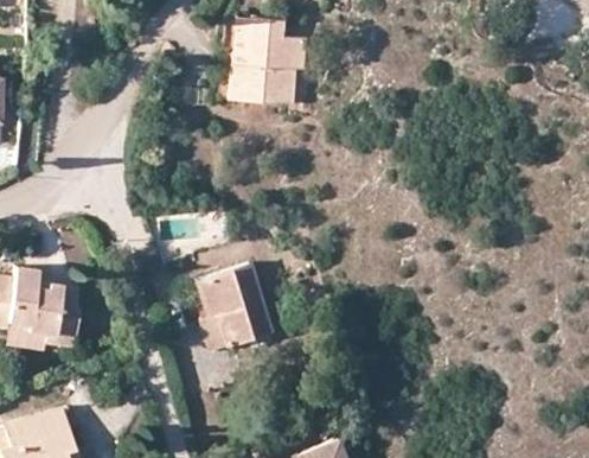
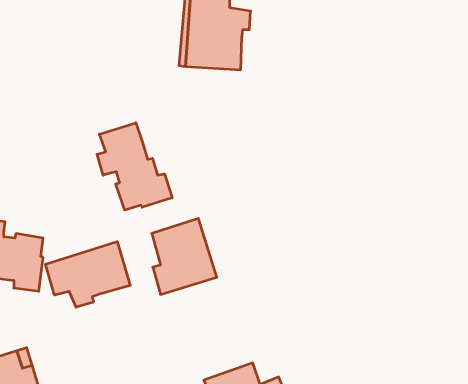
building: none -> [97,123,172,210]
building: none -> [46,242,130,307]

